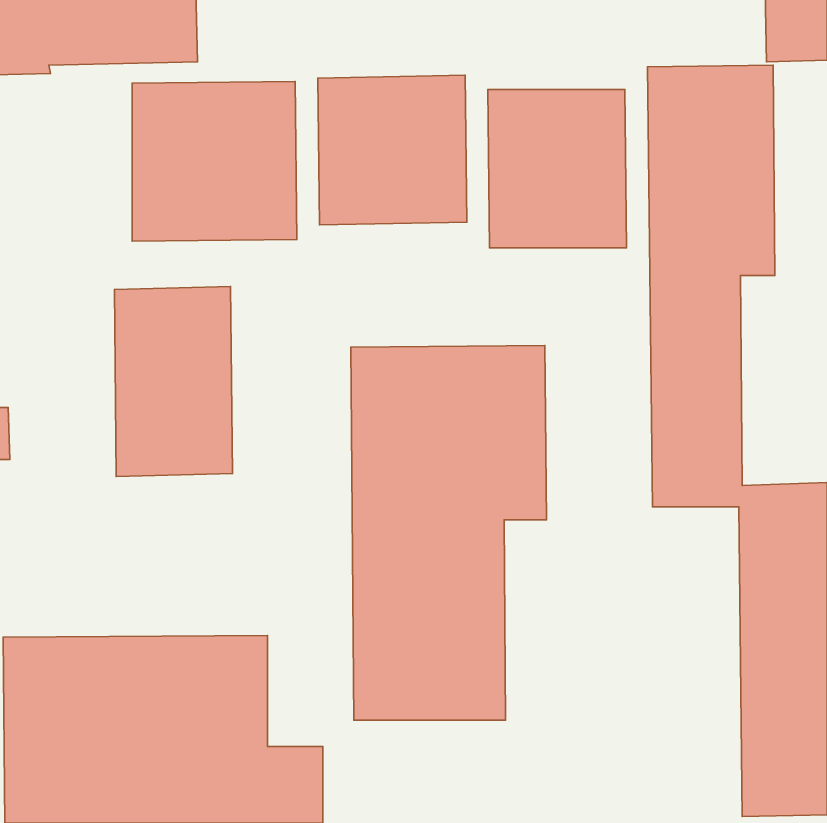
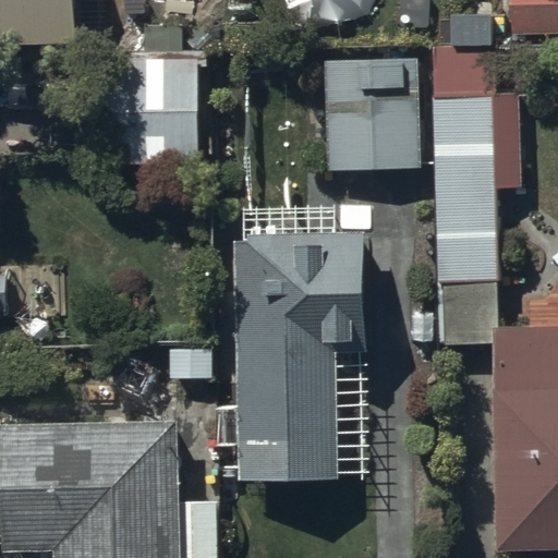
building: [318,75,467,225] -> none
building: [114,287,232,476] -> none

